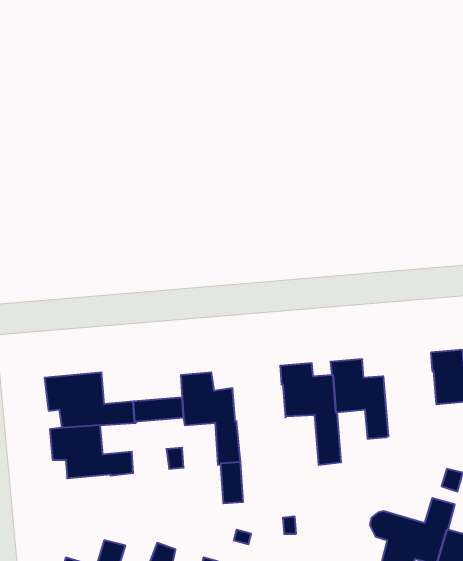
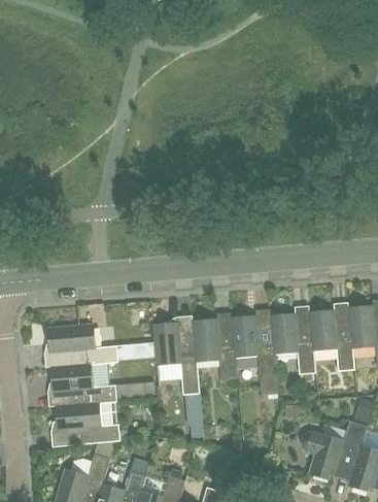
building: none -> [309,309,354,371]
building: none -> [193,319,238,380]
building: none -> [55,402,119,445]

